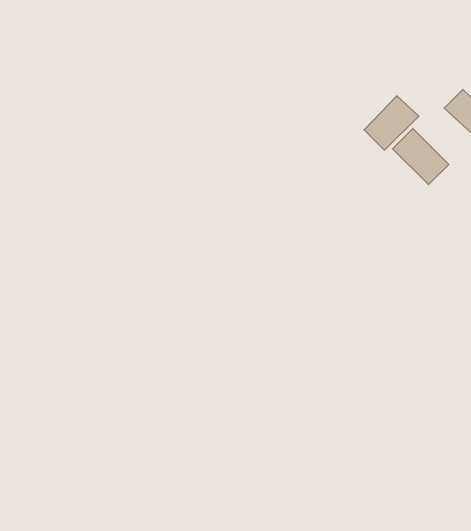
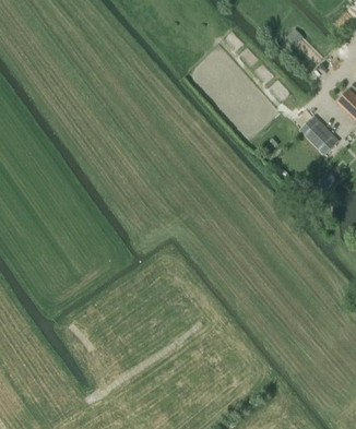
building: [364,96,419,150] -> none

